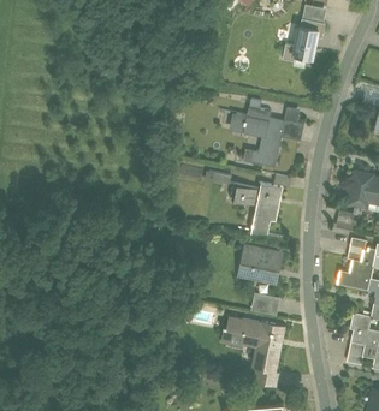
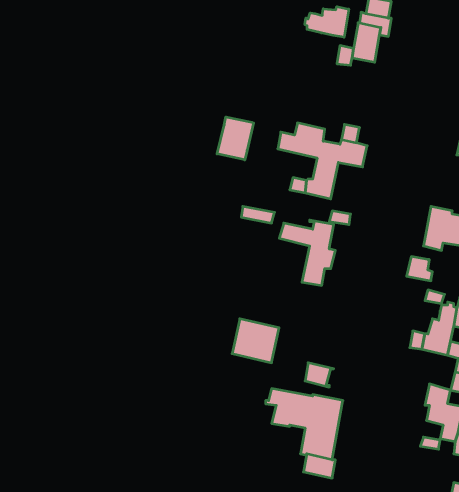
building: none -> [305,7,349,37]
building: none -> [217,117,254,160]
building: [242,248,279,282] -> [232,319,279,363]

